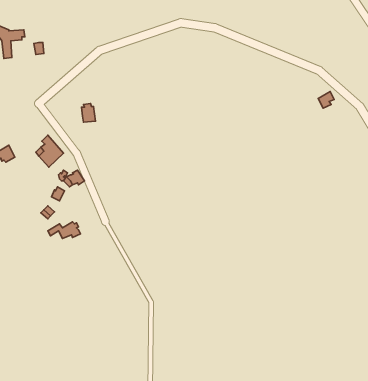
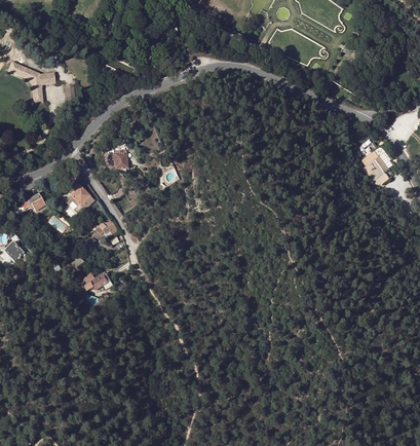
building: none -> [364,155,390,184]

